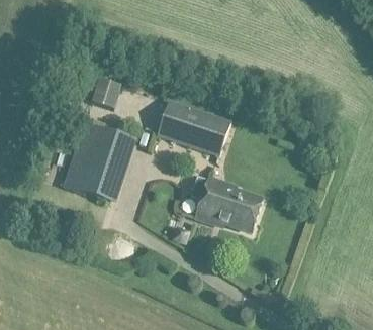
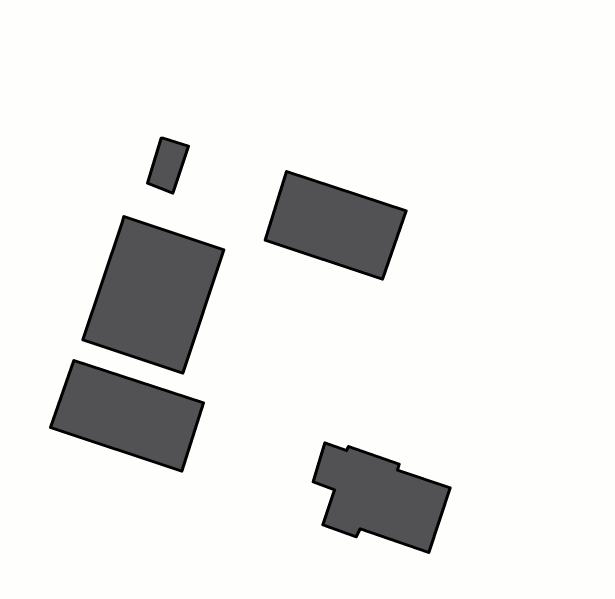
building: [190,174,261,230] -> [313,443,450,552]
building: none -> [50,360,203,471]

